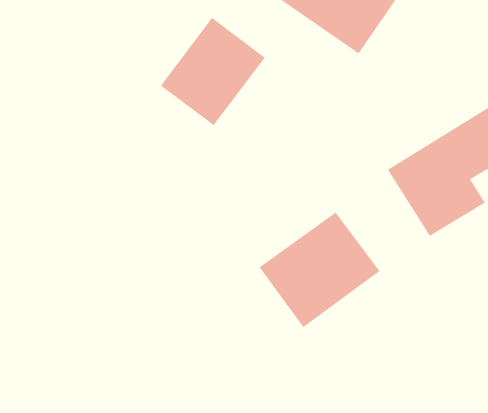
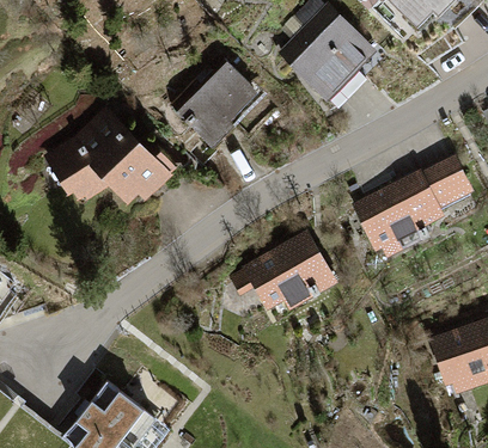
building: none -> [48,104,179,211]

